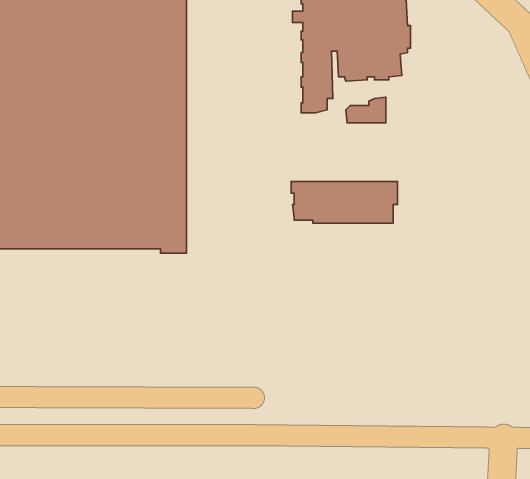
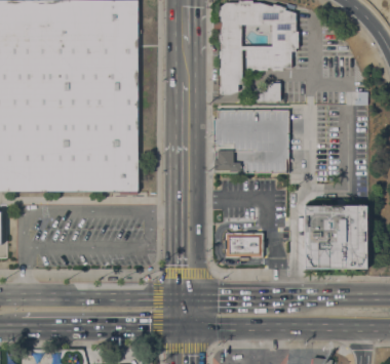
building: none -> [212,110,288,144]
building: none -> [304,206,366,270]
building: none -> [224,234,263,258]

